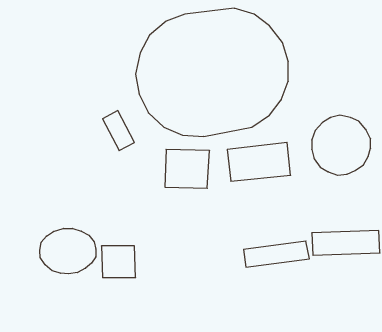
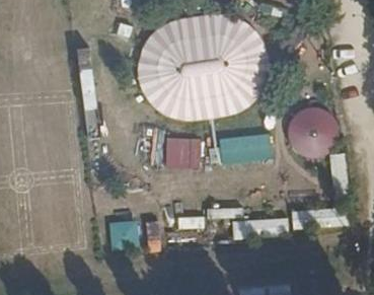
building: [40,228,96,274] -> none

